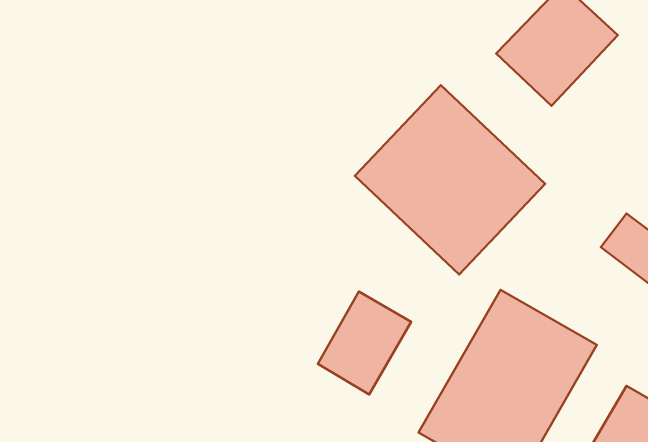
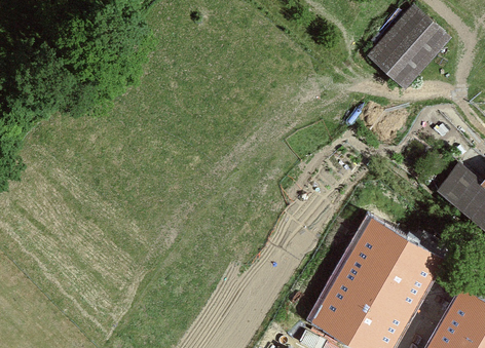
building: [355,85,545,275] -> none
building: [318,292,411,394] -> none

